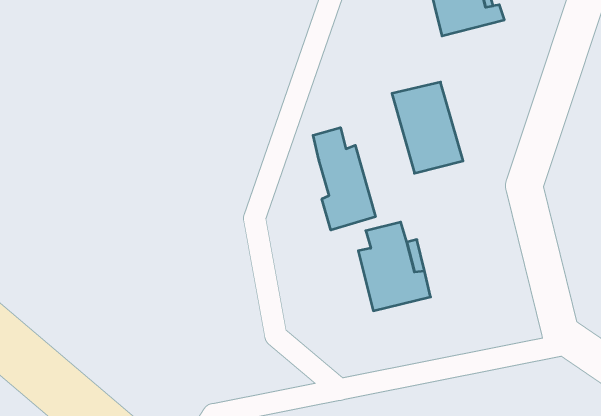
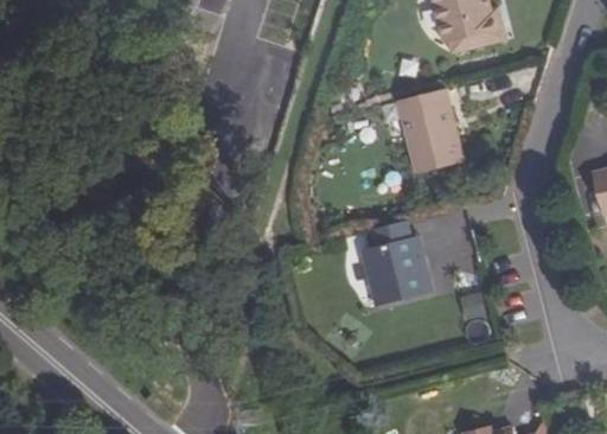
building: [313,128,375,230] -> none

